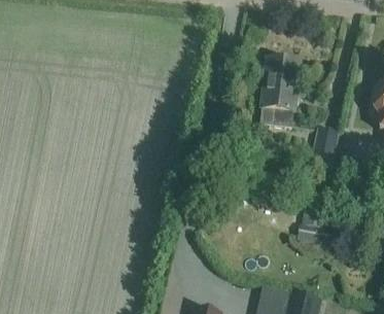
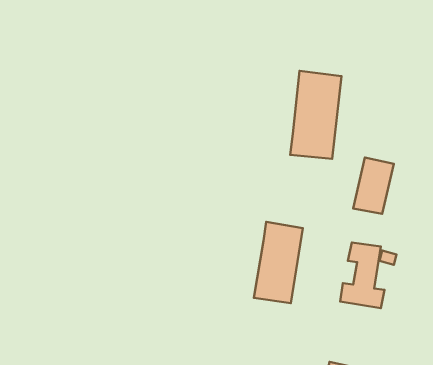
building: none -> [254,222,303,303]

